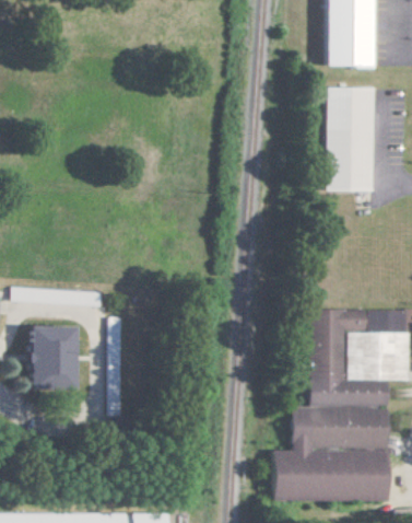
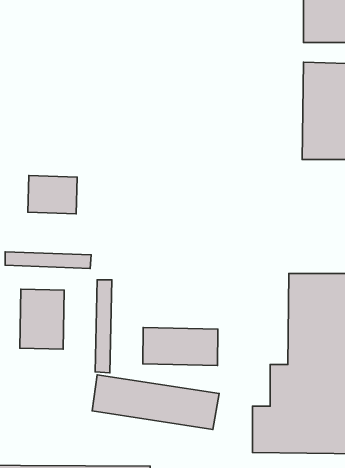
building: none -> [28,176,77,214]
building: none -> [143,327,218,365]
building: none -> [92,375,219,429]

